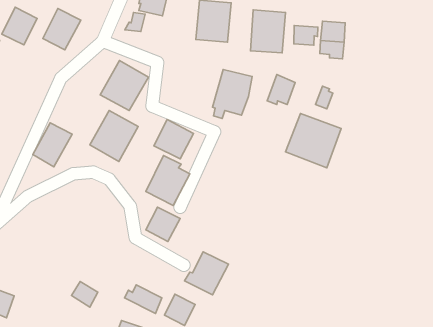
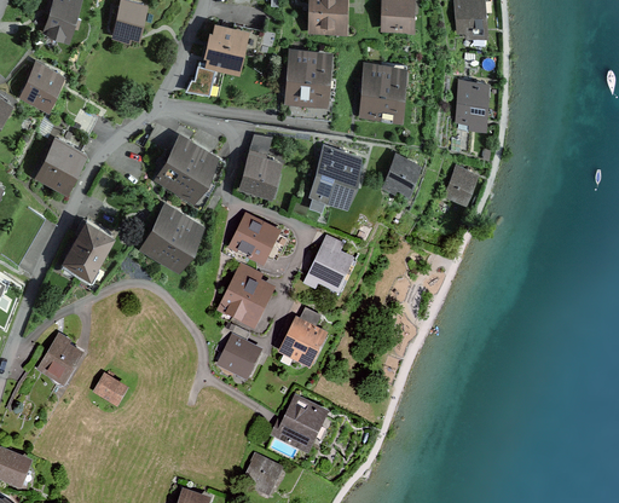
building: [43,9,81,50] -> [33,134,85,191]
building: [294,26,318,45] -> none
building: none -> [237,134,282,198]
building: [286,113,341,168] -> none
building: none -> [302,236,355,297]
building: none -> [276,310,328,371]
building: none -> [35,335,82,388]
building: [71,282,98,307] -> [91,375,127,410]
building: [125,285,162,313] -> none

